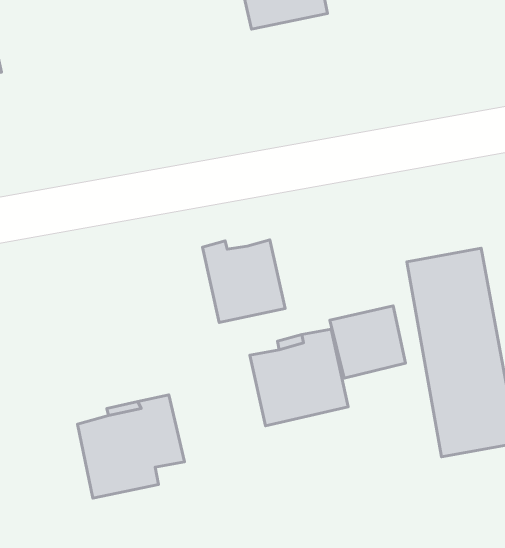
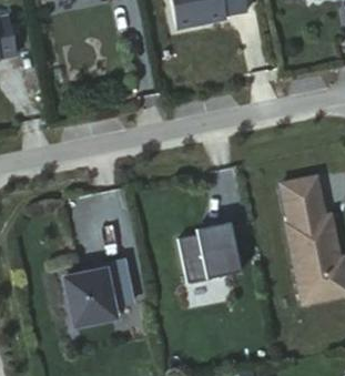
building: [202,240,285,322] -> none
building: [330,306,406,378] -> none

